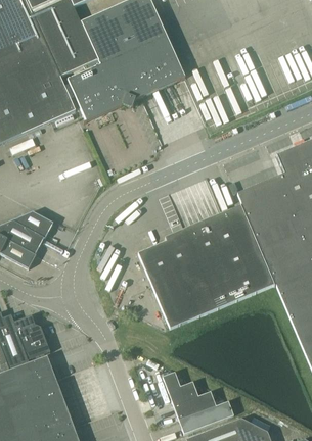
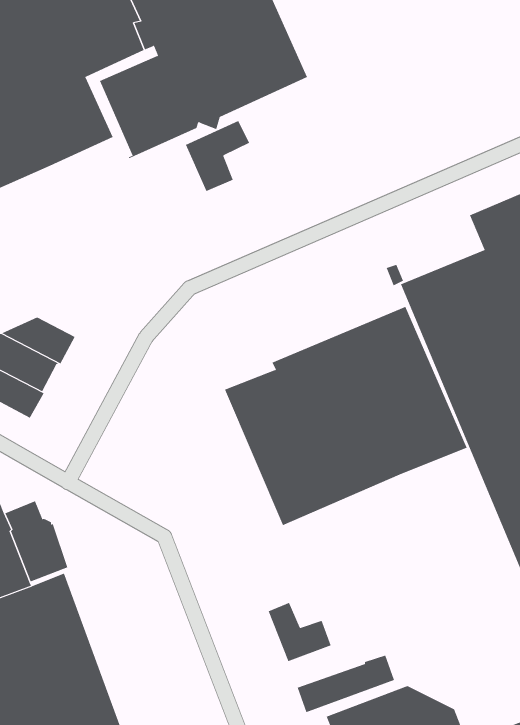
building: none -> [185,120,250,192]
building: [173,391,216,420] -> none

